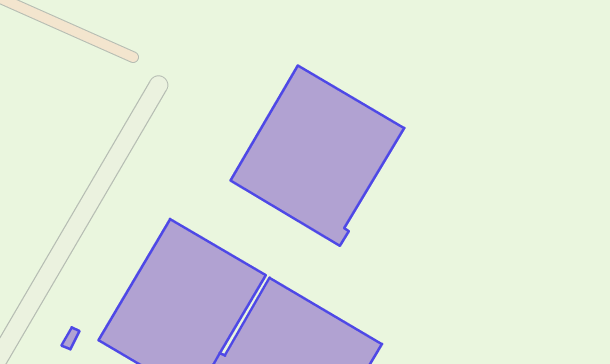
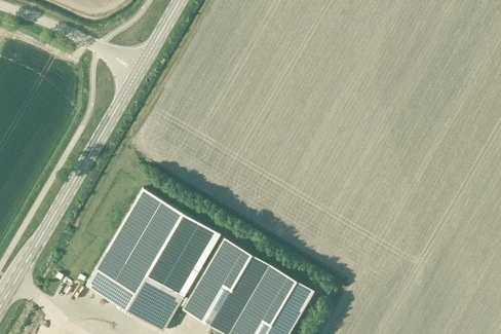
building: [231,66,404,246] -> none

